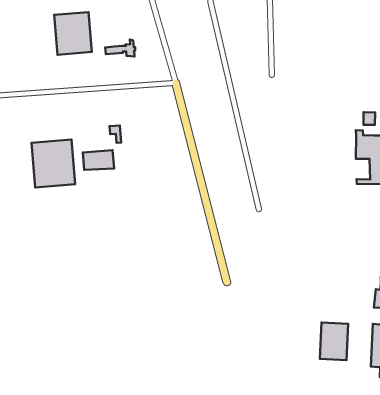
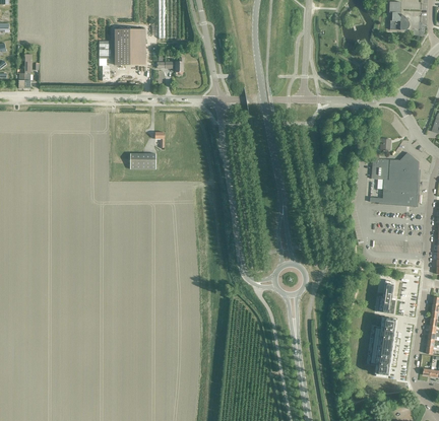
building: [31,139,75,187] -> none
building: [320,322,348,360] -> none

